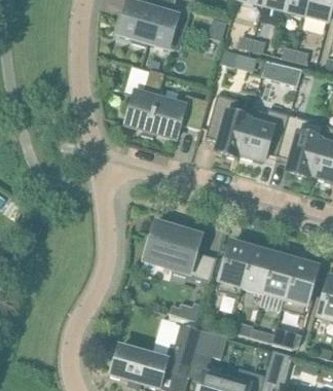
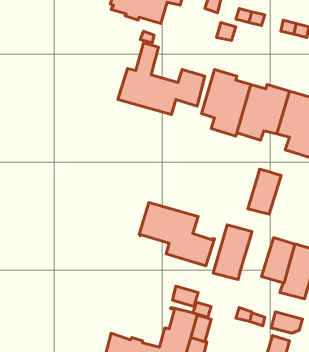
building: [261,60,301,86] -> none
building: [242,249,273,292] -> [248,169,281,214]

